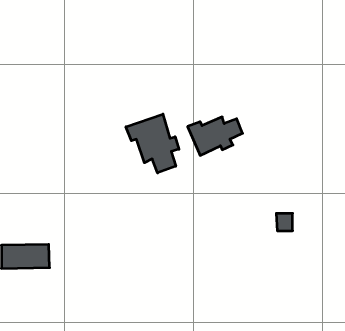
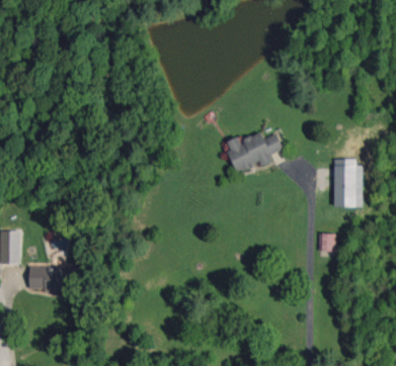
building: [126,114,179,173] -> none
building: none -> [334,159,363,206]

